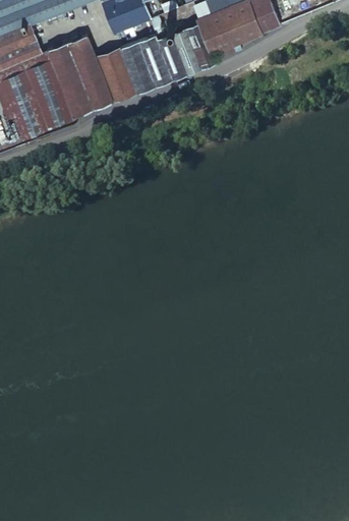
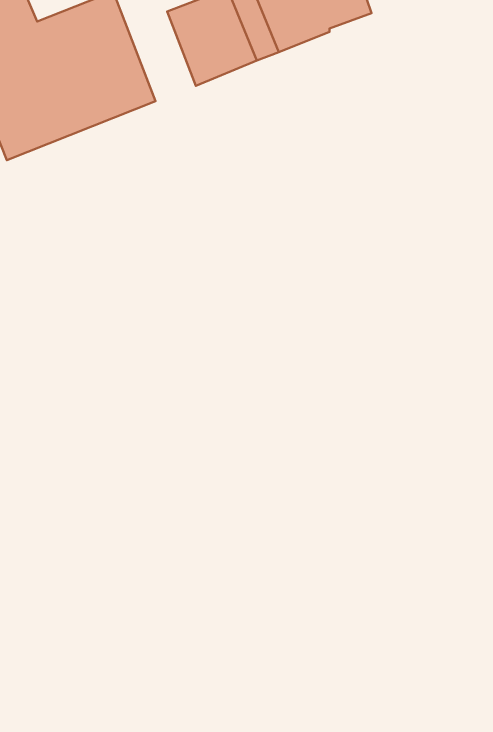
building: [95,48,136,102] -> none

